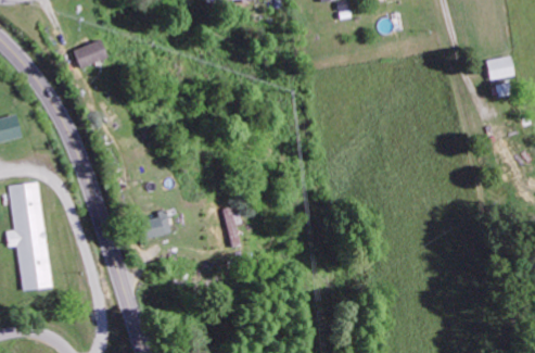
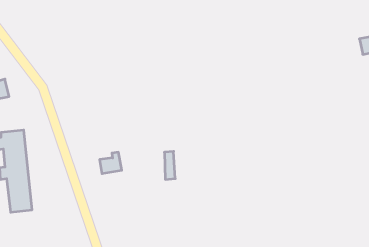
building: [72,40,106,68] -> none

